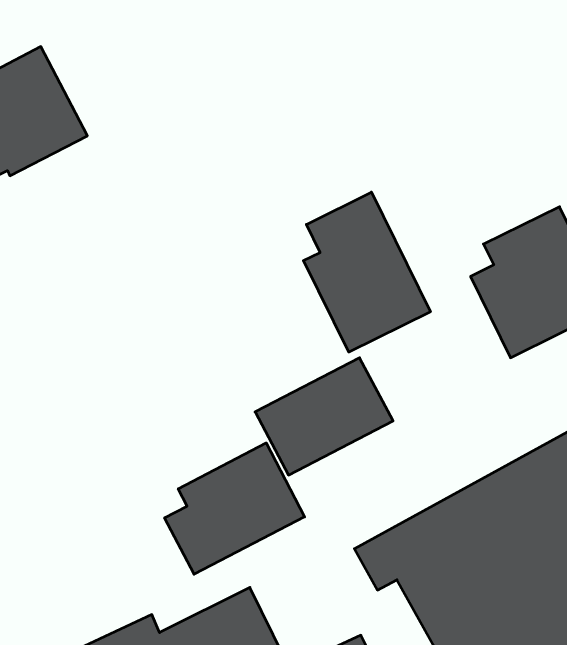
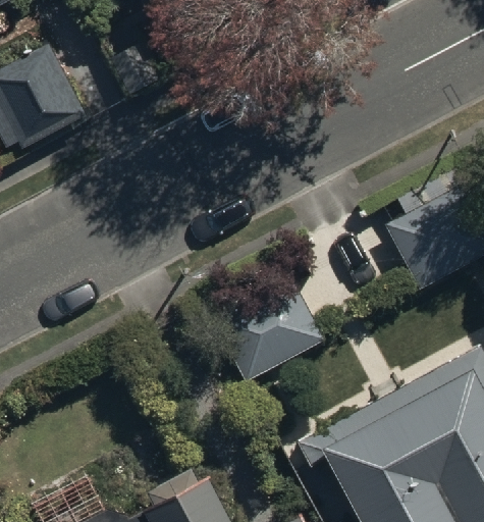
building: [303,192,430,352] -> none
building: [165,443,305,574] -> none

